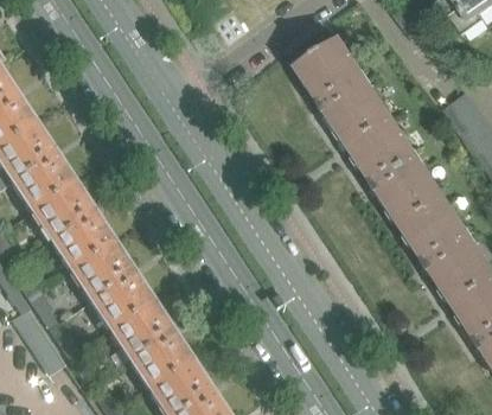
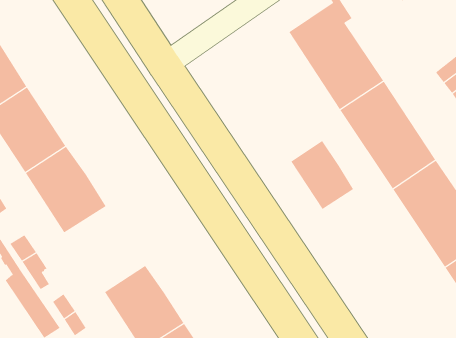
building: none -> [291,140,354,210]
building: [70,242,152,328] -> none

